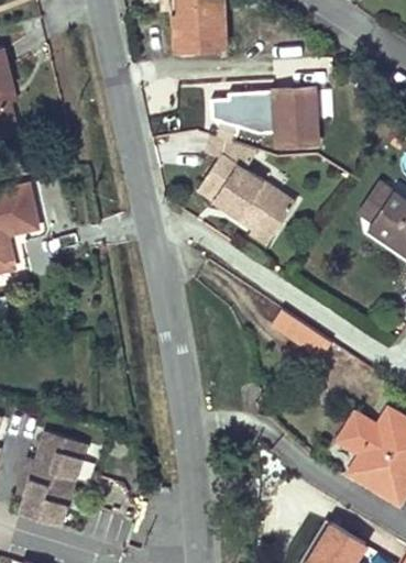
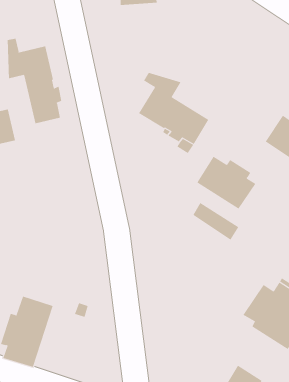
building: [228,89,317,145] -> none
building: none -> [7,38,62,124]
building: none -> [196,156,256,210]

